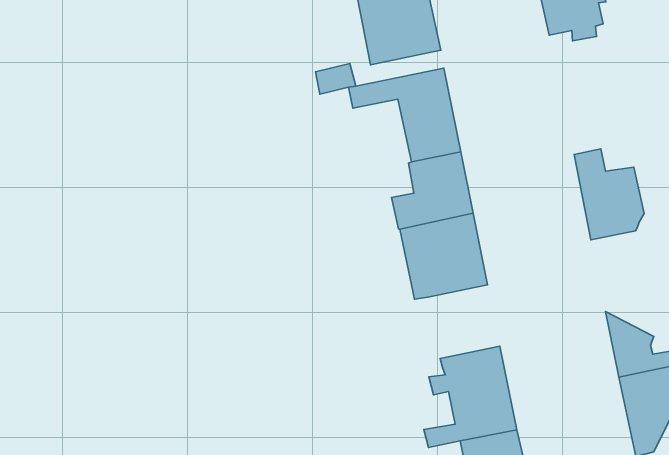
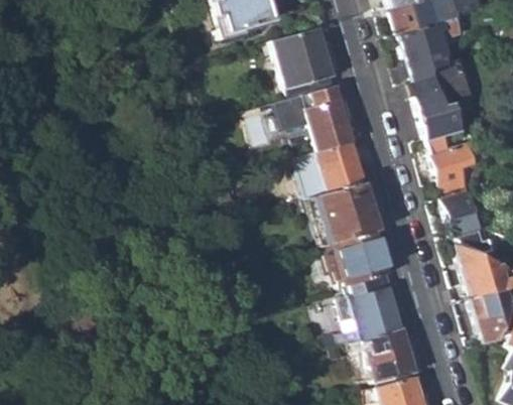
building: none -> [415,58,479,140]
building: none -> [445,187,497,252]
building: none -> [337,233,388,285]

